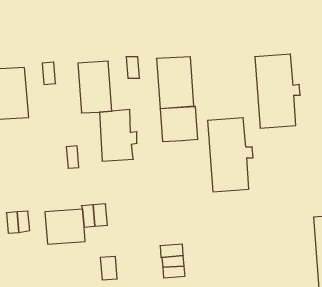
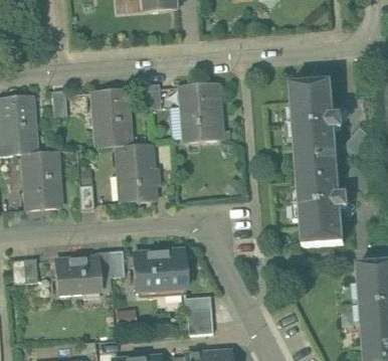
building: [161,106,198,142] -> none
building: none -> [22,150,59,209]
building: [208,118,253,192] -> [297,161,348,244]
building: none -> [134,248,185,291]

